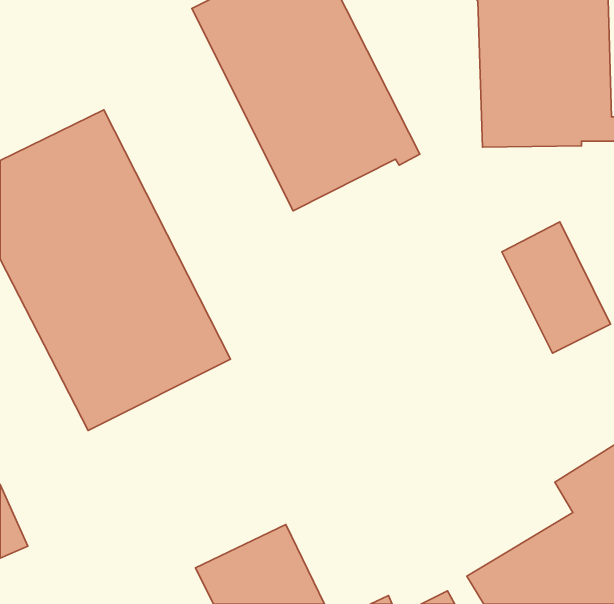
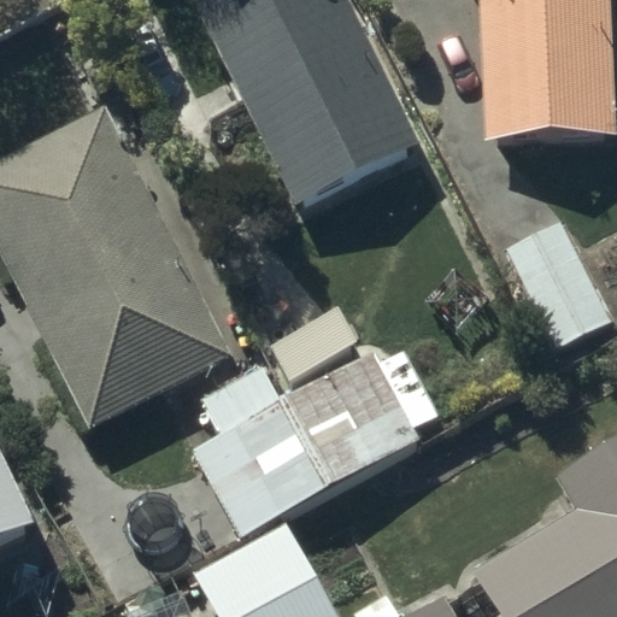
building: none -> [193,346,440,531]

